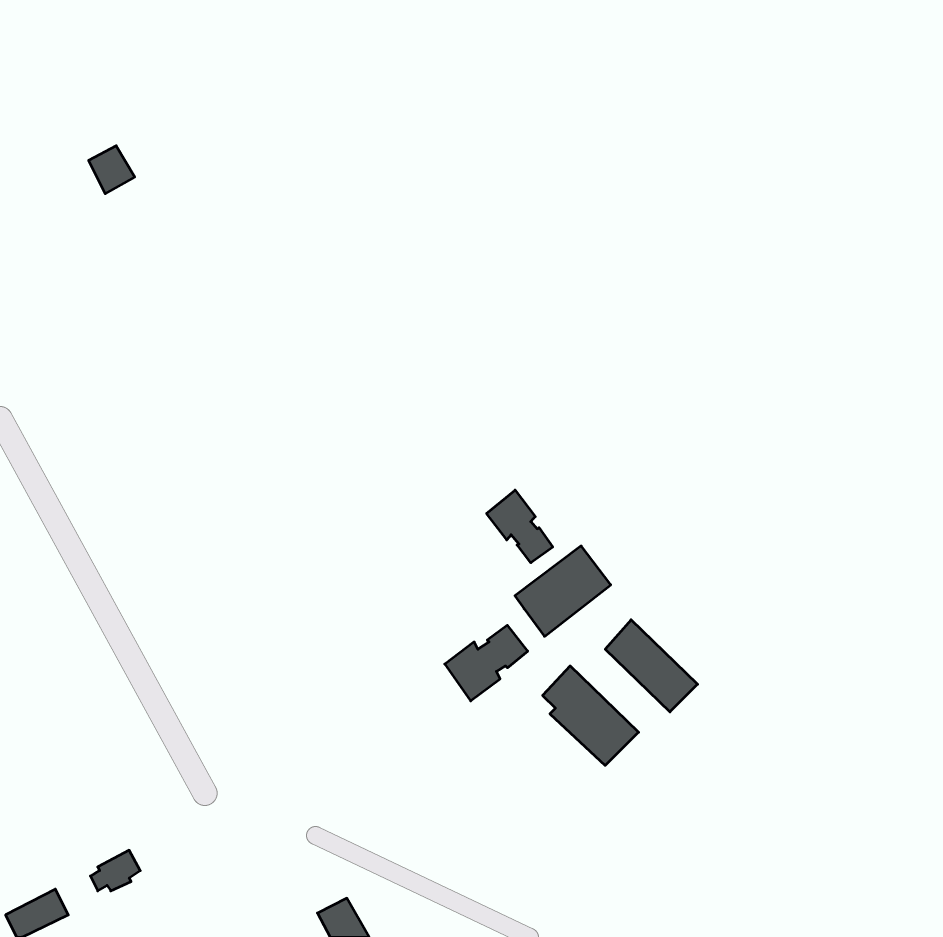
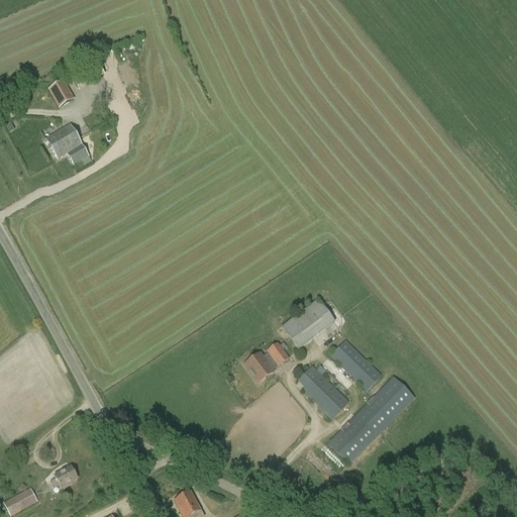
building: none -> [45,124,88,164]
building: [487,490,553,563] -> none
building: none -> [327,376,415,464]

